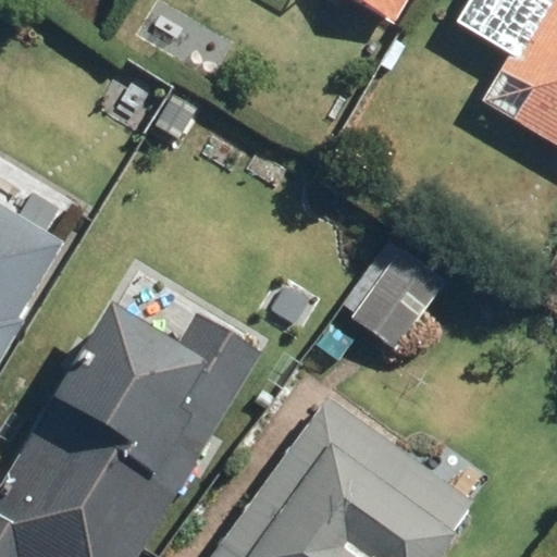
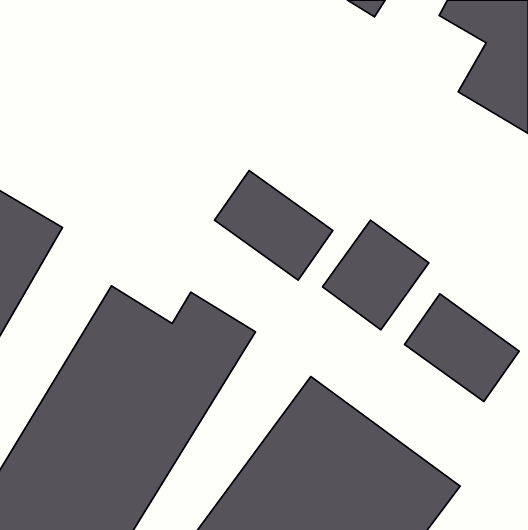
building: none -> [215,170,333,280]
building: none -> [404,294,519,402]

